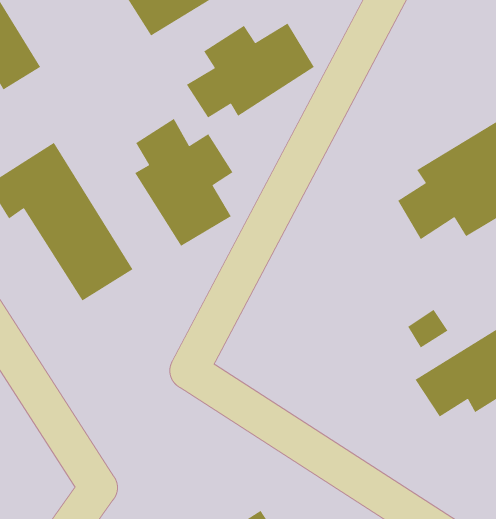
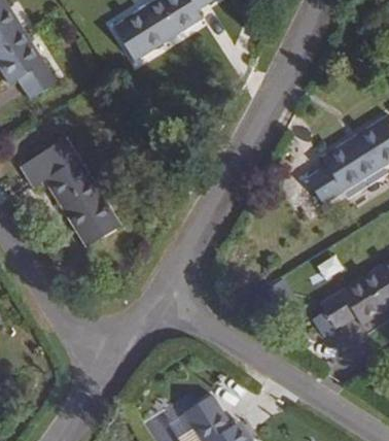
building: [186,22,315,119] -> none
building: [134,118,233,247] -> none

